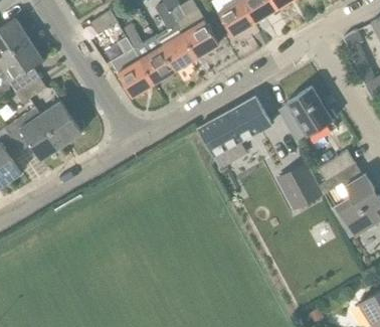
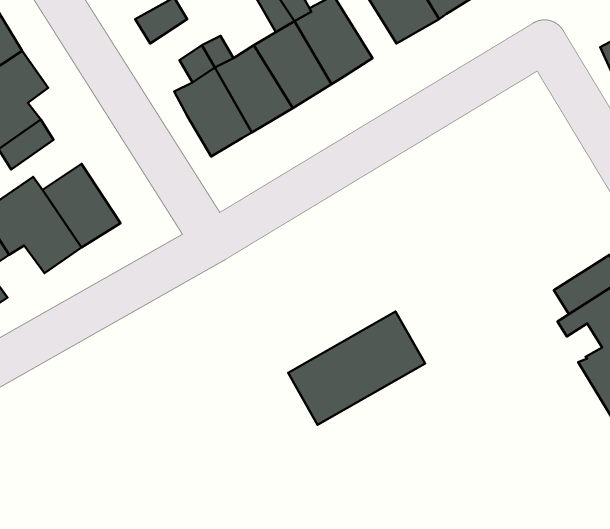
building: [287,87,333,136] -> none
building: [198,97,272,158] -> [288,312,425,425]
building: [279,164,320,208] -> none

